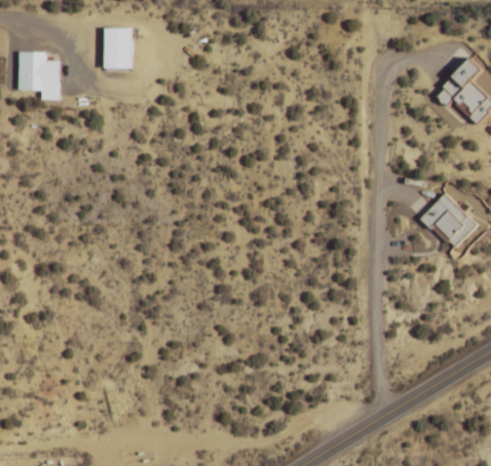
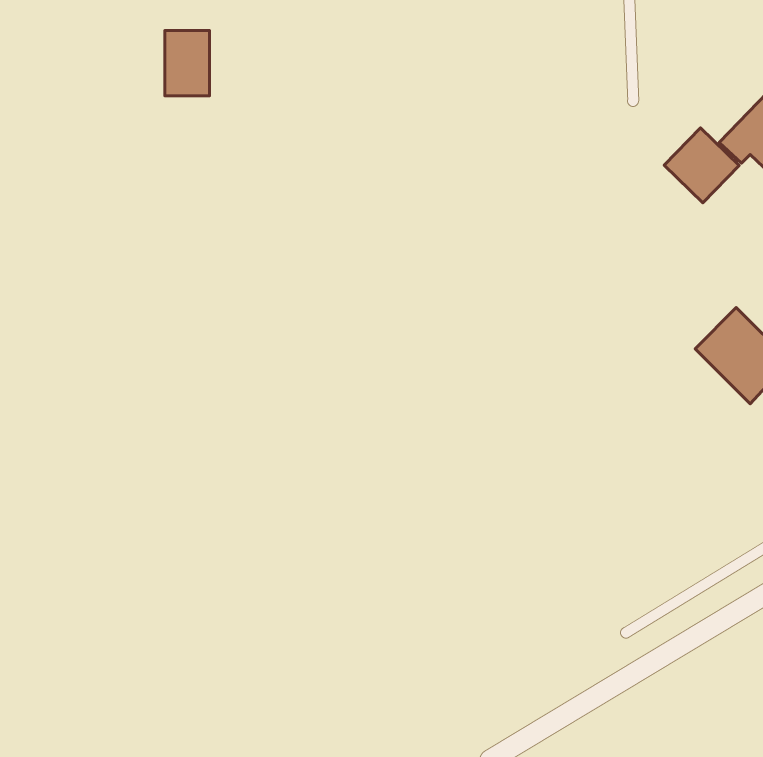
building: [17,51,59,100] -> none
building: none -> [664,128,739,203]

